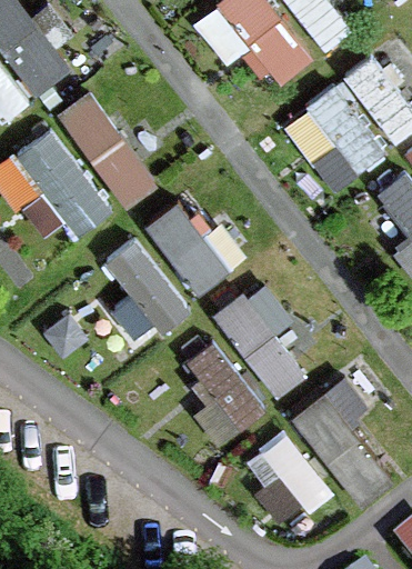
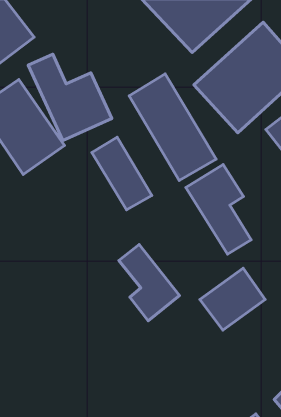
building: none -> [129,74,216,181]
building: [101,234,190,347] -> none
building: [217,279,302,397] -> [186,165,251,254]
building: [243,431,323,521] -> none

